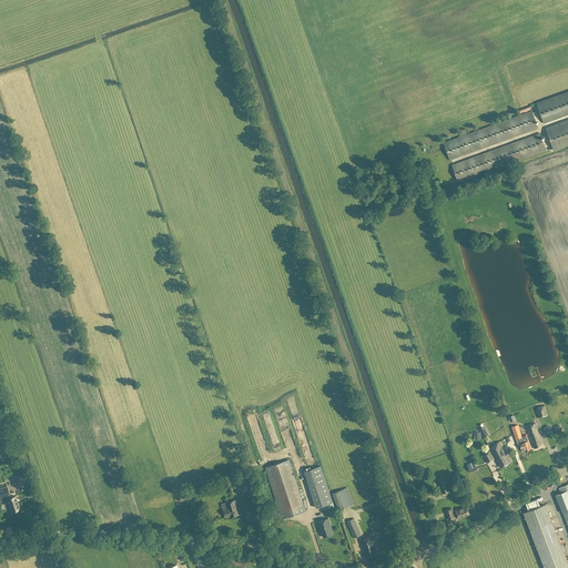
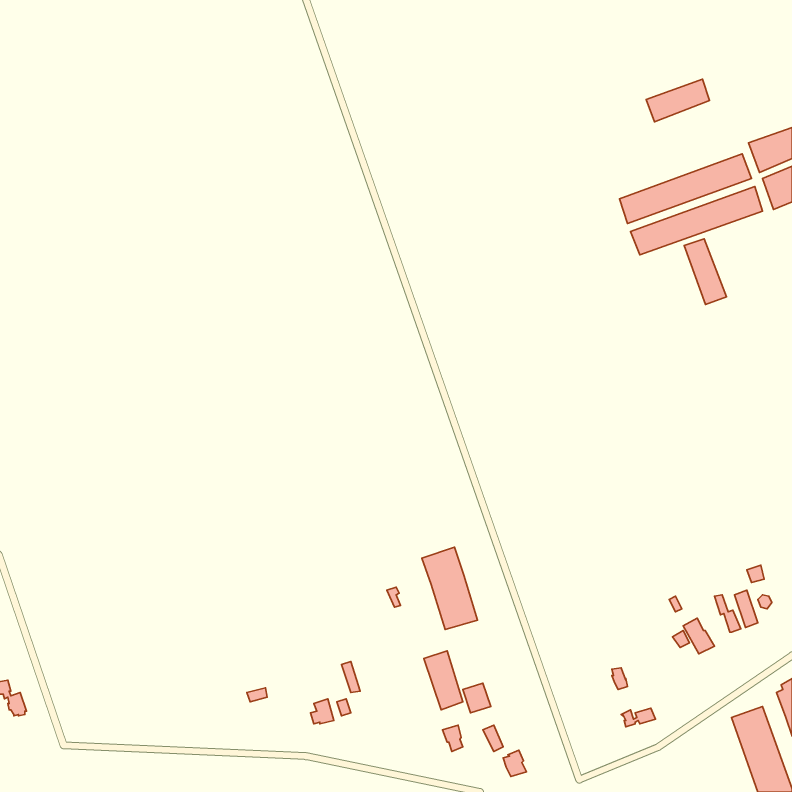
building: none -> [646,79,710,122]
building: none -> [684,239,727,305]
building: [264,459,304,518] -> [422,547,478,630]

